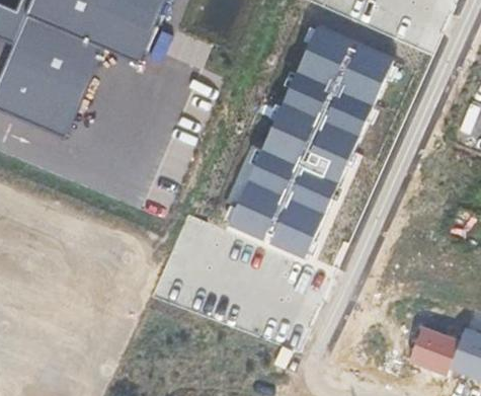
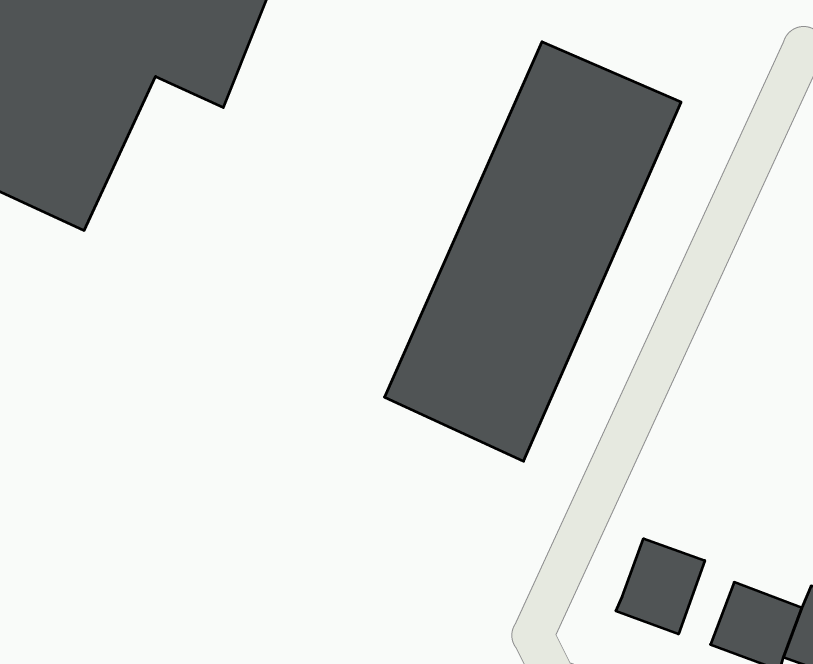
building: none -> [616,539,705,634]

